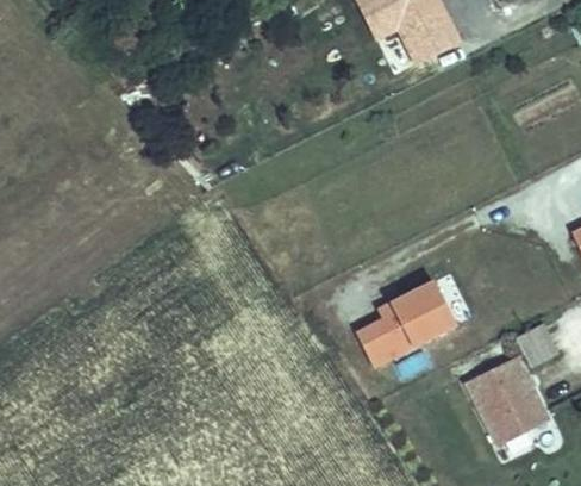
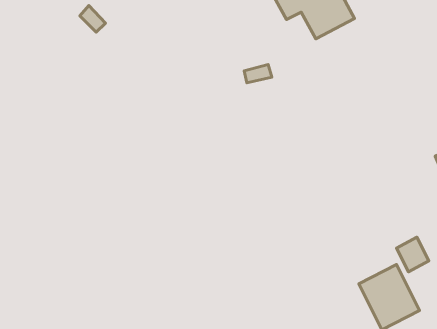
building: [351,278,460,367] -> none

